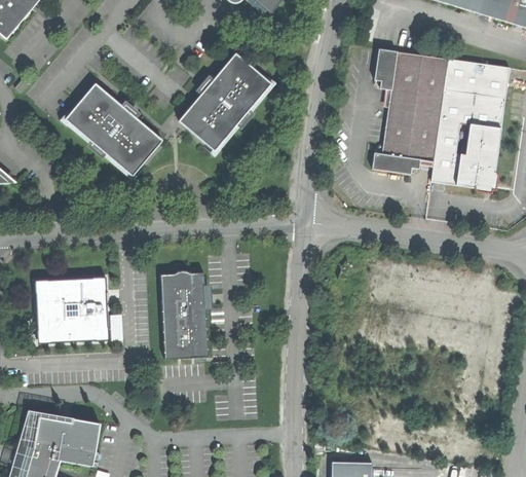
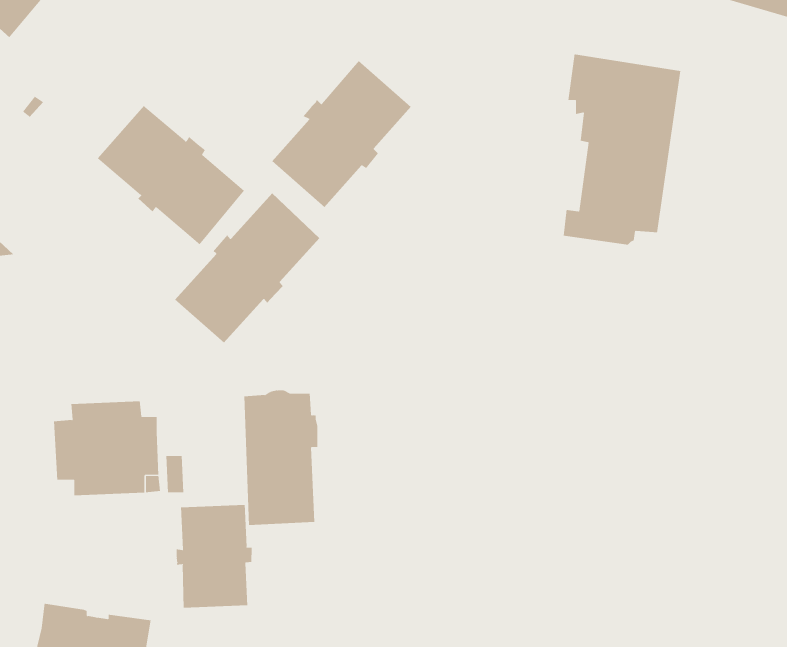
building: [431,60,510,188] -> none
building: none -> [174,193,320,343]
building: none -> [176,504,252,609]

